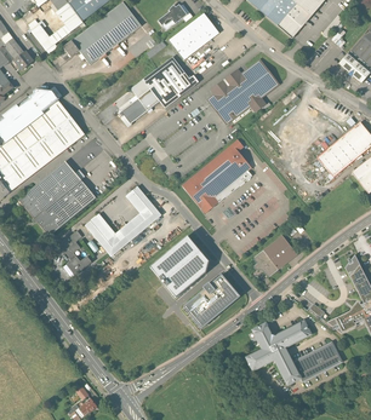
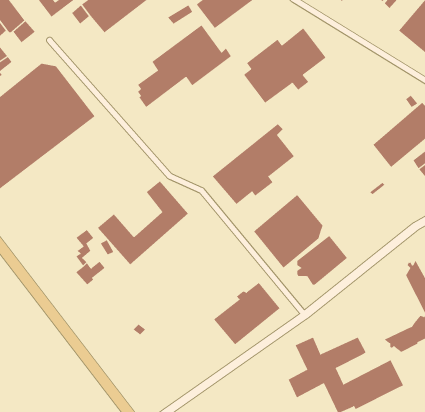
building: [18,160,96,236] -> none
building: [150,234,210,297] -> [253,194,323,269]

